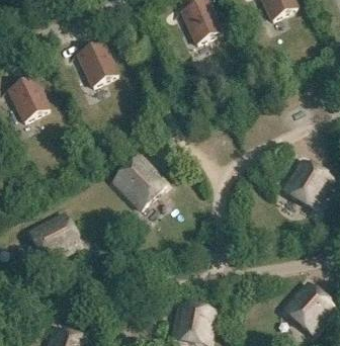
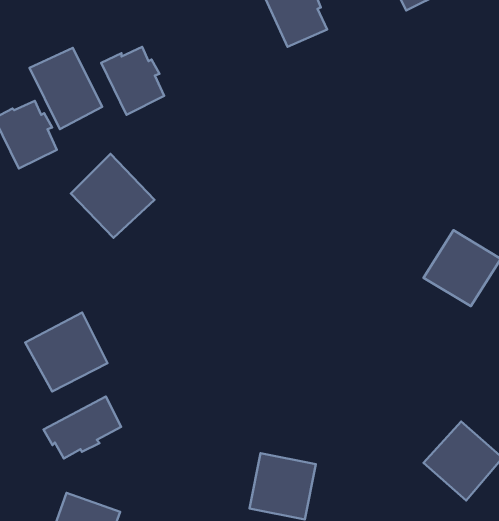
building: none -> [29,48,102,129]
building: [112,154,166,207] -> [71,154,155,238]
building: none -> [44,397,121,458]

